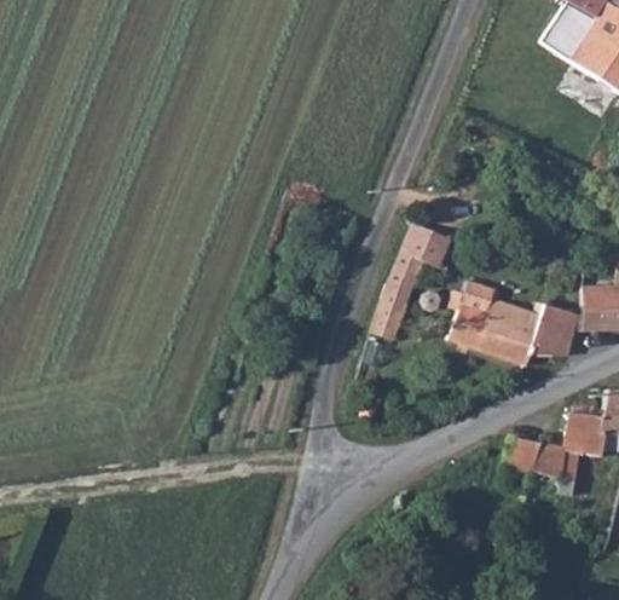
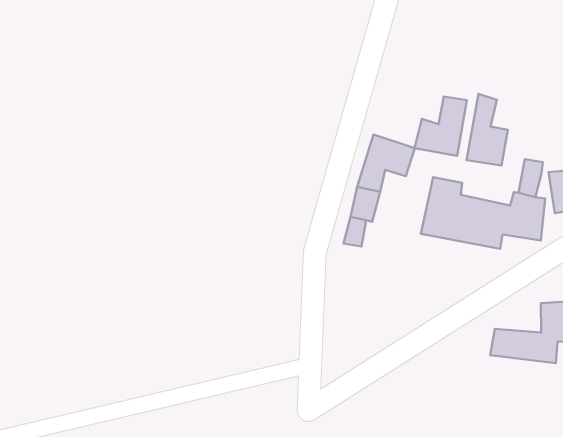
building: none -> [415,97,467,156]
building: none -> [466,94,508,166]

